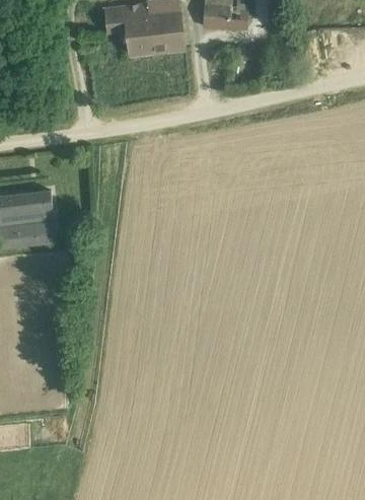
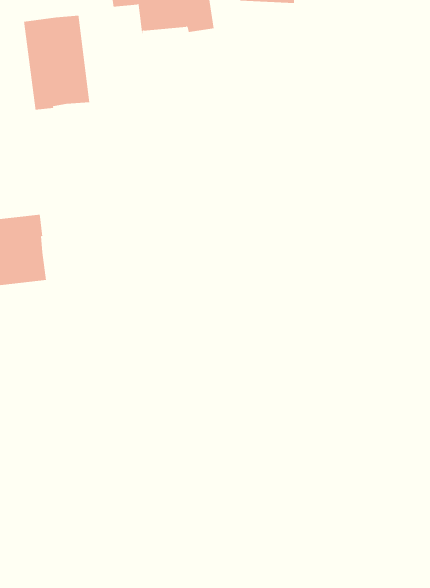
building: none -> [24,15,90,111]

